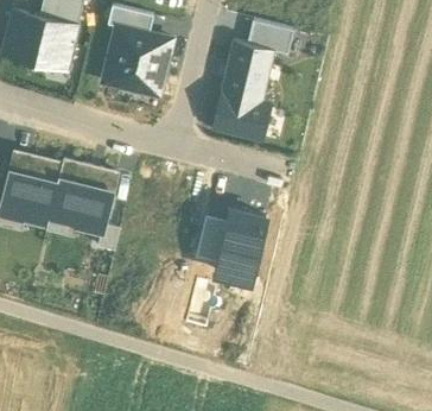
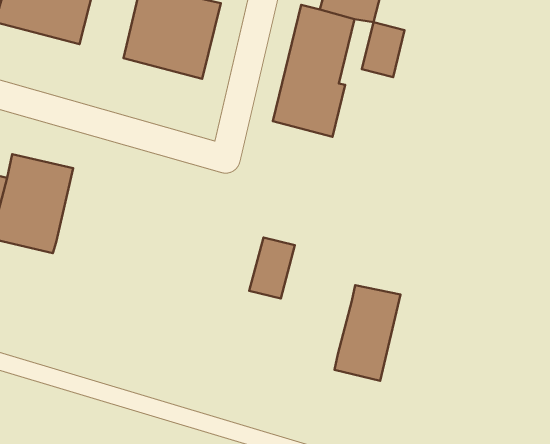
building: none -> [362,22,404,77]
building: [49,162,116,234] -> none
building: [216,211,266,284] -> [335,285,401,381]

